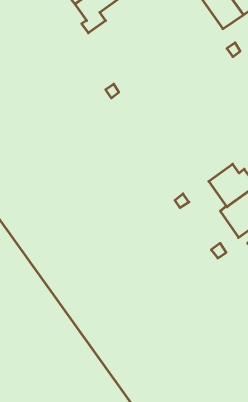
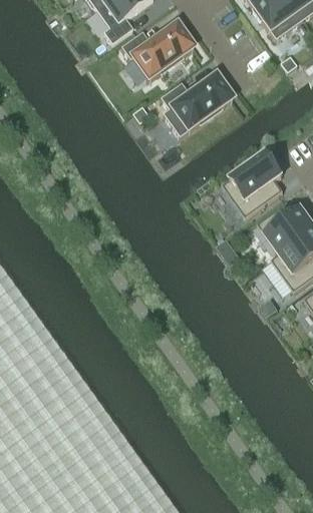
building: none -> [120,22,192,77]
building: none -> [160,73,231,134]
building: none -> [222,151,282,215]

